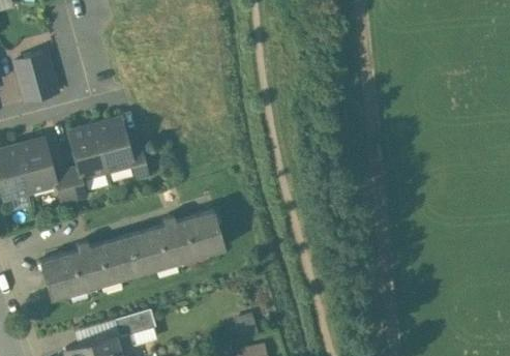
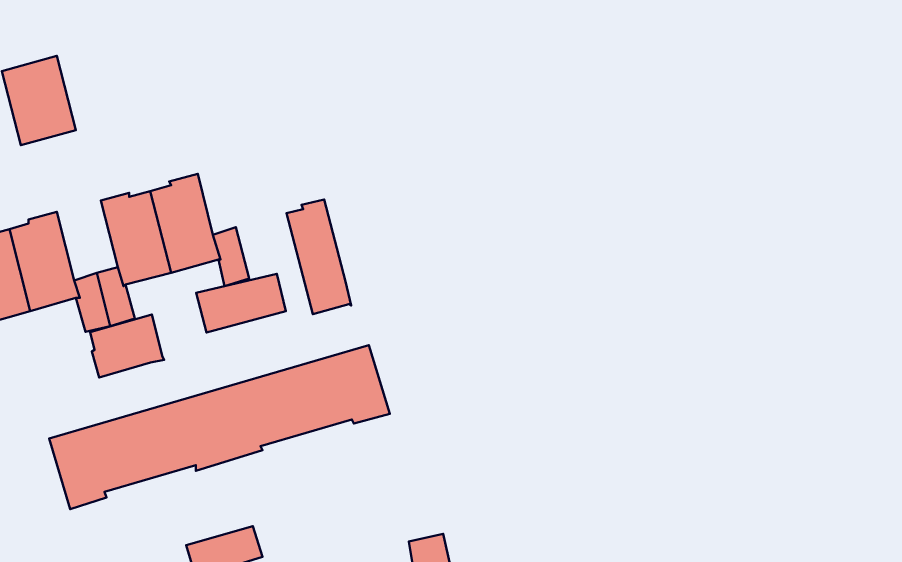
building: none -> [286,199,351,314]
building: none -> [196,274,286,332]
building: none -> [90,314,164,378]

